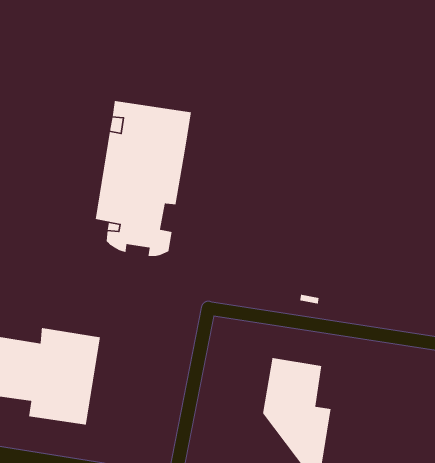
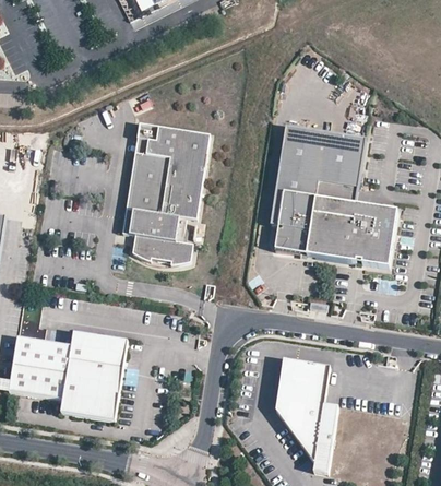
building: none -> [270,126,395,265]

